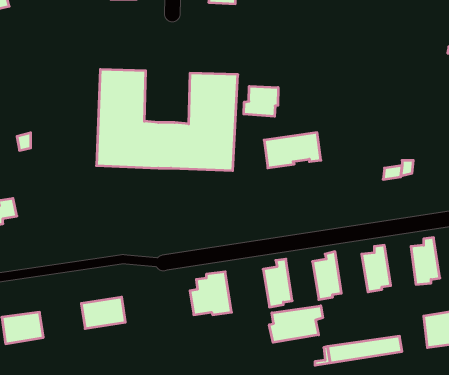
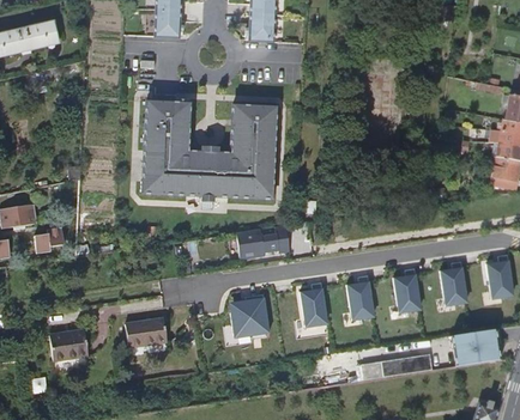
building: [244,86,278,116] -> none
building: [264,133,321,168] -> [236,225,290,258]
building: [269,306,323,342] -> none

